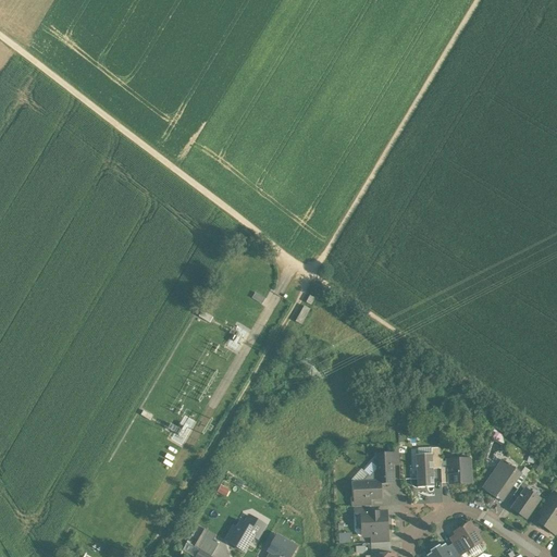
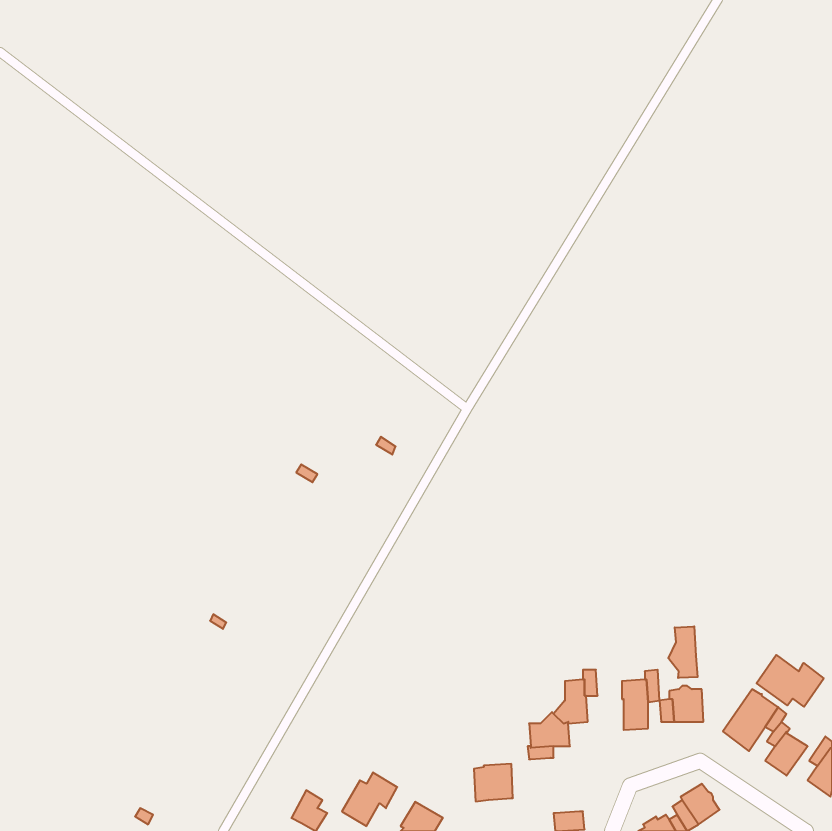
building: none -> [668,626,698,678]
building: none -> [757,655,824,707]
building: [361,511,387,536] -> [474,764,513,801]

